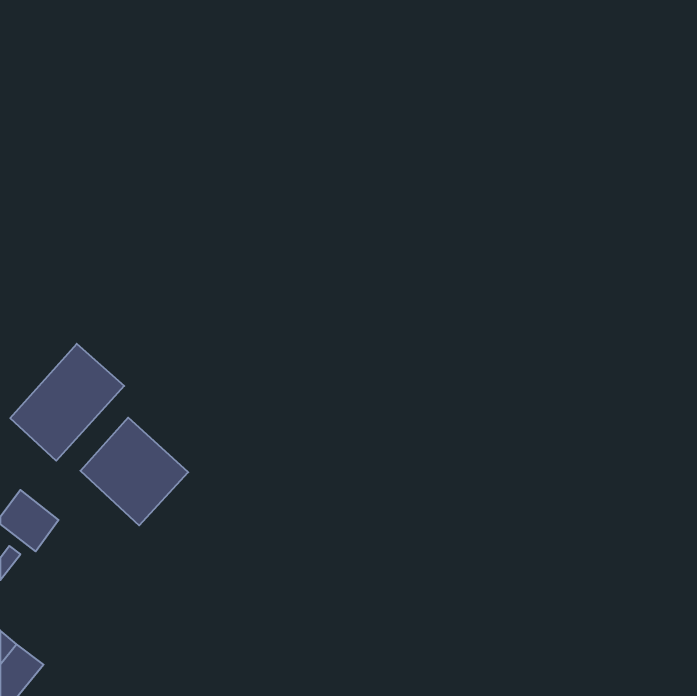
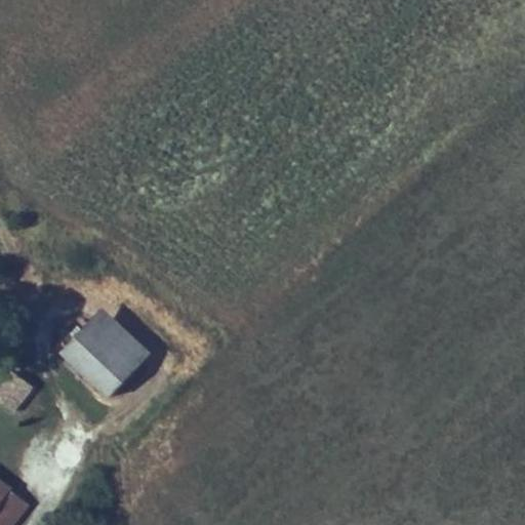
building: [10,344,124,461] -> none

